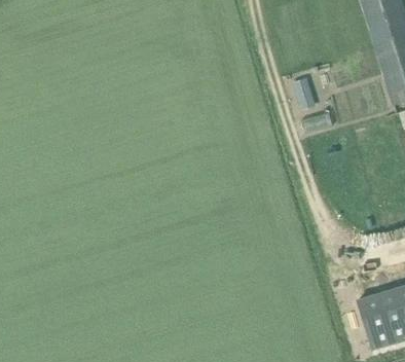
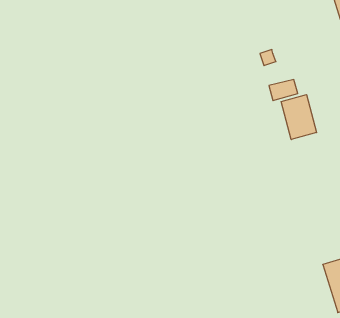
building: none -> [281,95,317,140]

